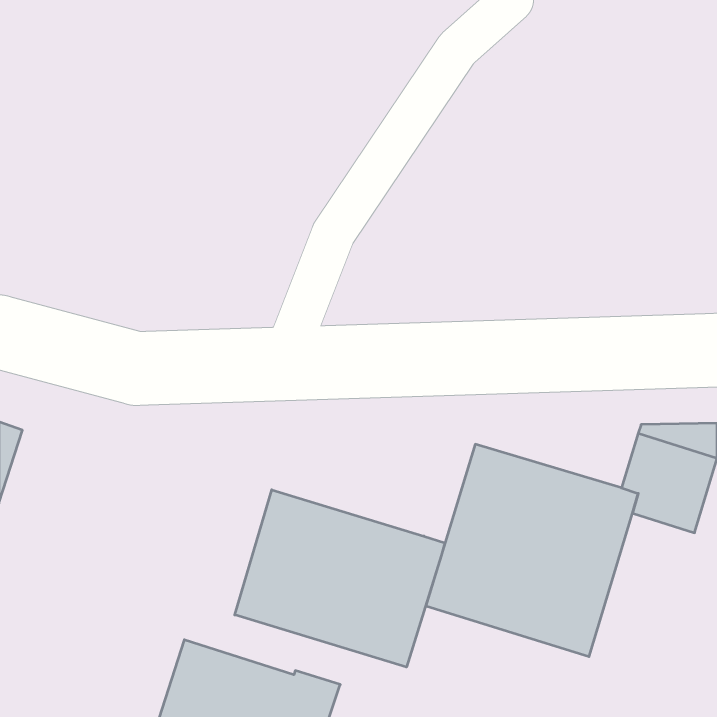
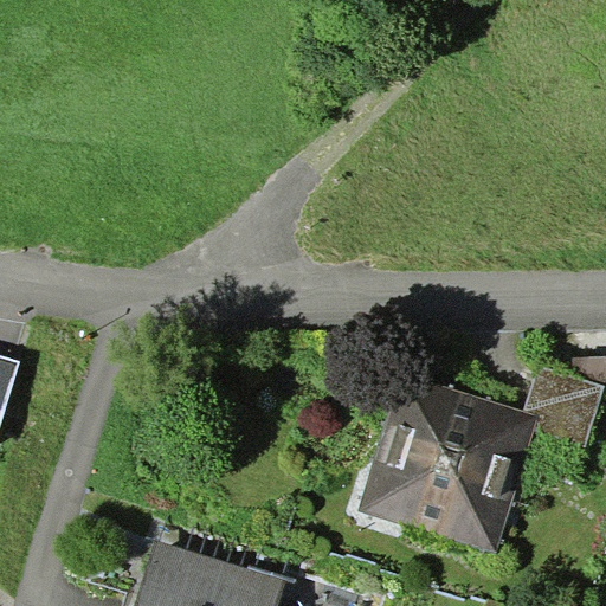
building: [235,490,445,667] -> none

